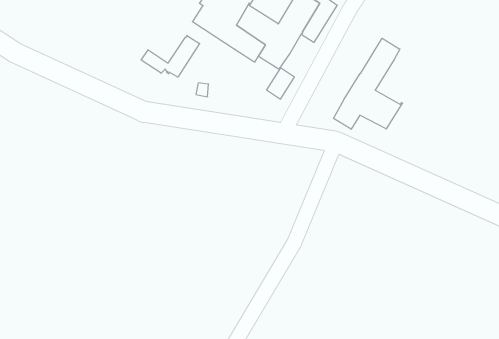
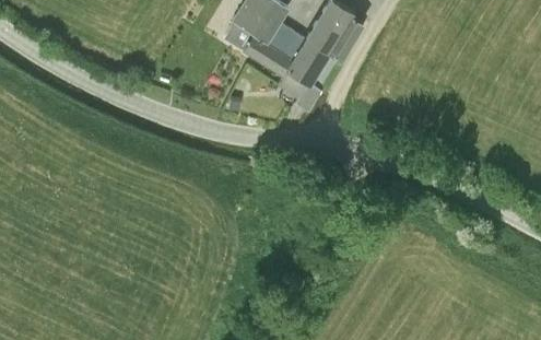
building: [141,35,200,77] -> none
building: [333,38,403,129] -> none

